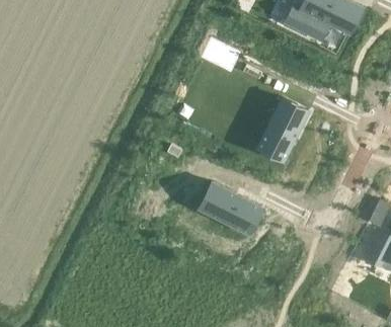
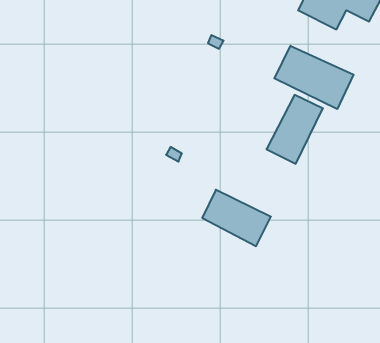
building: none -> [274,46,354,109]

